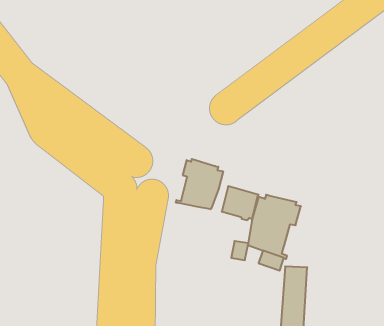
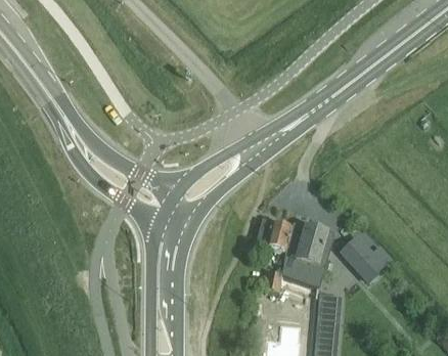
building: [176,159,223,209] -> none
building: none -> [343,235,392,279]

